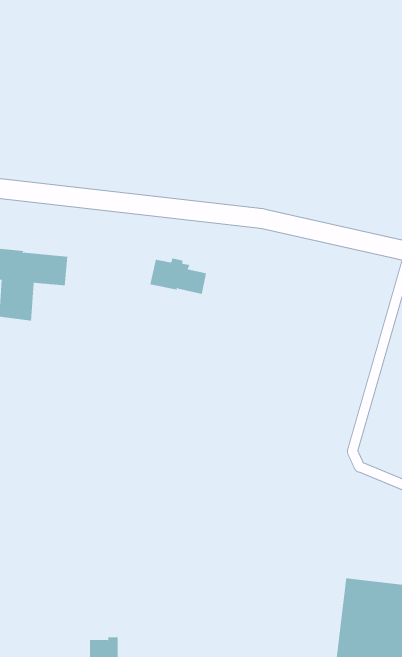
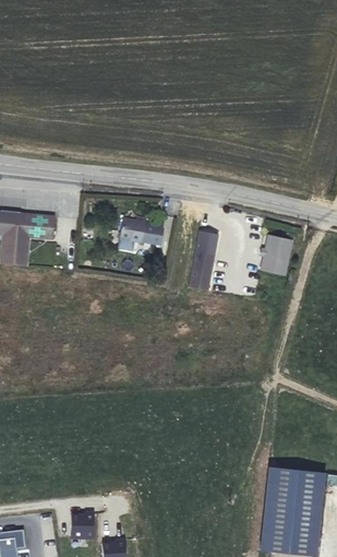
building: none -> [189,232,217,292]
building: none -> [262,235,293,275]

